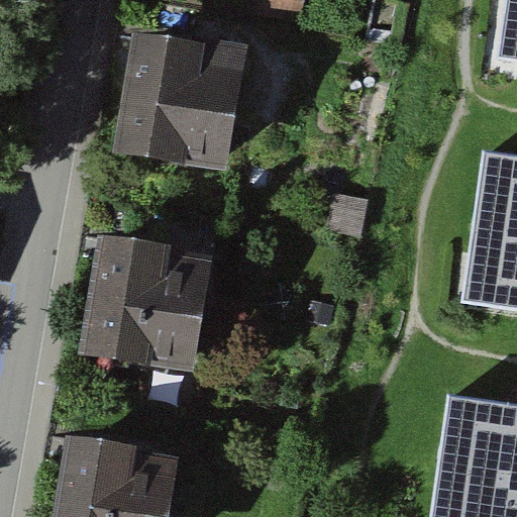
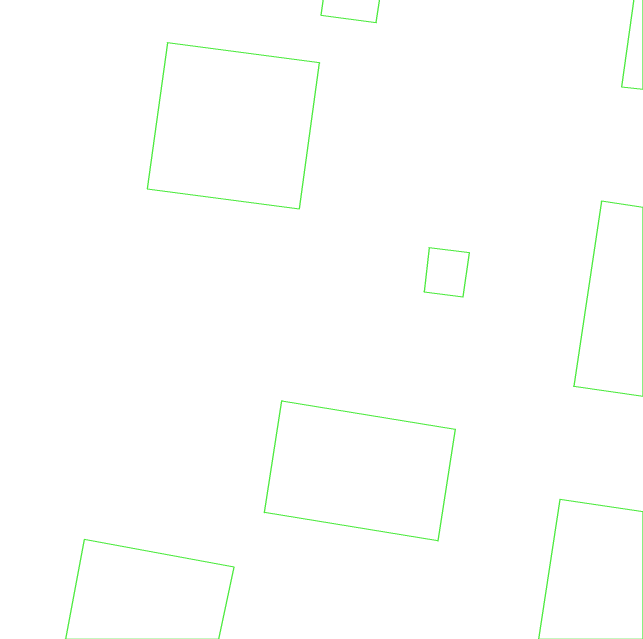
building: [75,235,217,371] -> none
building: none -> [264,401,455,541]

